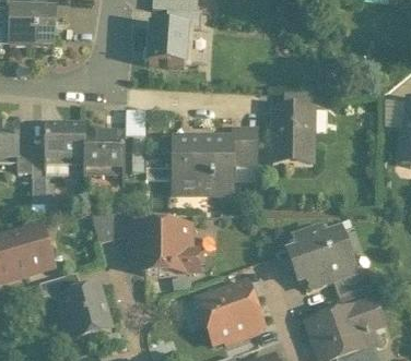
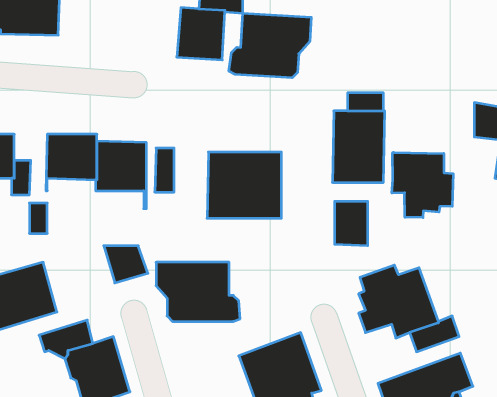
building: none -> [229,13,311,78]
building: [232,128,258,163] -> [335,201,368,246]
building: none -> [392,152,453,218]

